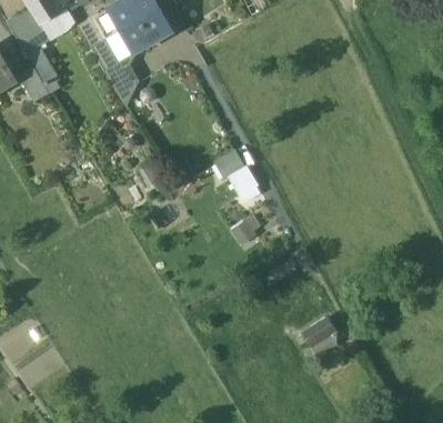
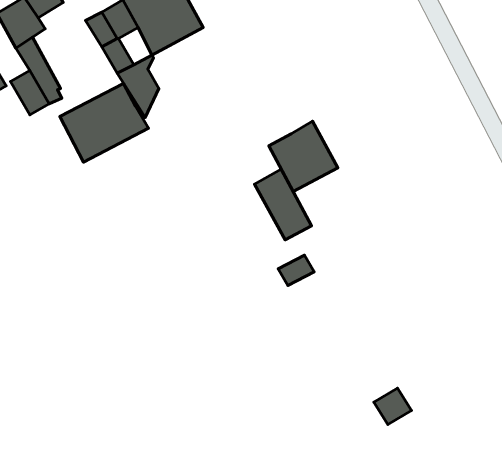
building: none -> [60,83,149,162]
building: none -> [269,121,338,192]

